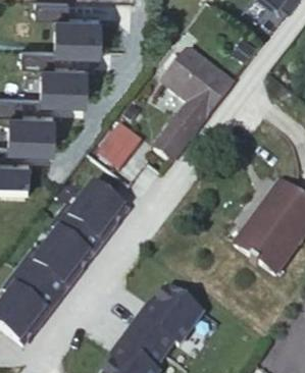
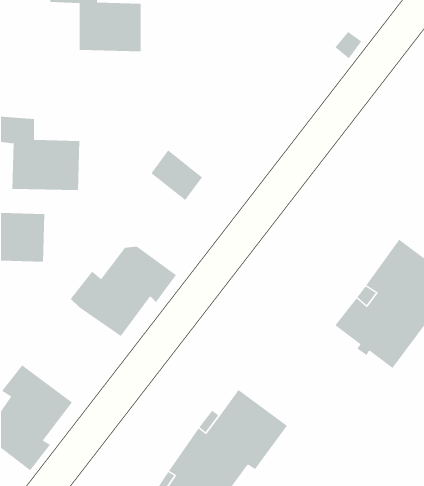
building: [154,45,232,160] -> none
building: [21,49,87,100] -> none
building: [16,229,91,296] -> none

